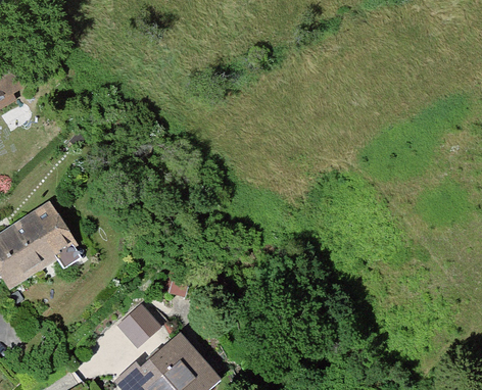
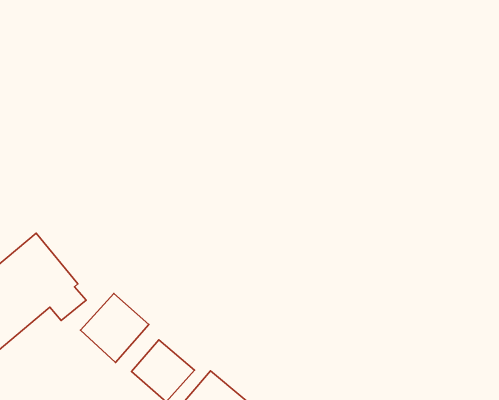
building: none -> [80,294,149,363]

